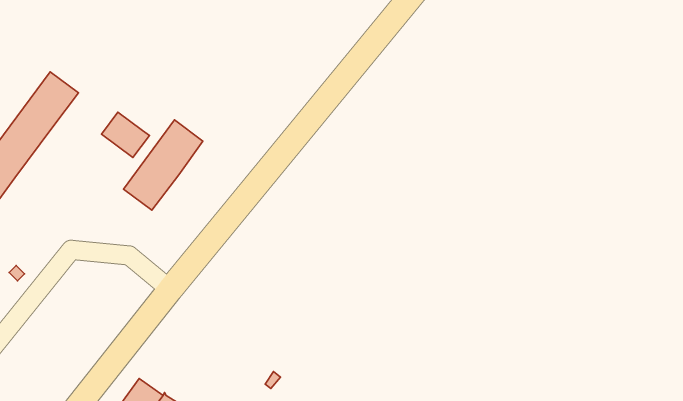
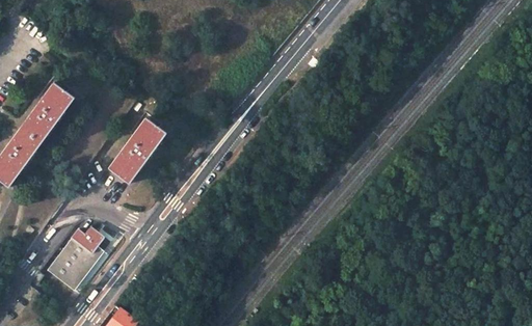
building: [101,112,150,157] -> none
building: none -> [46,225,104,290]

